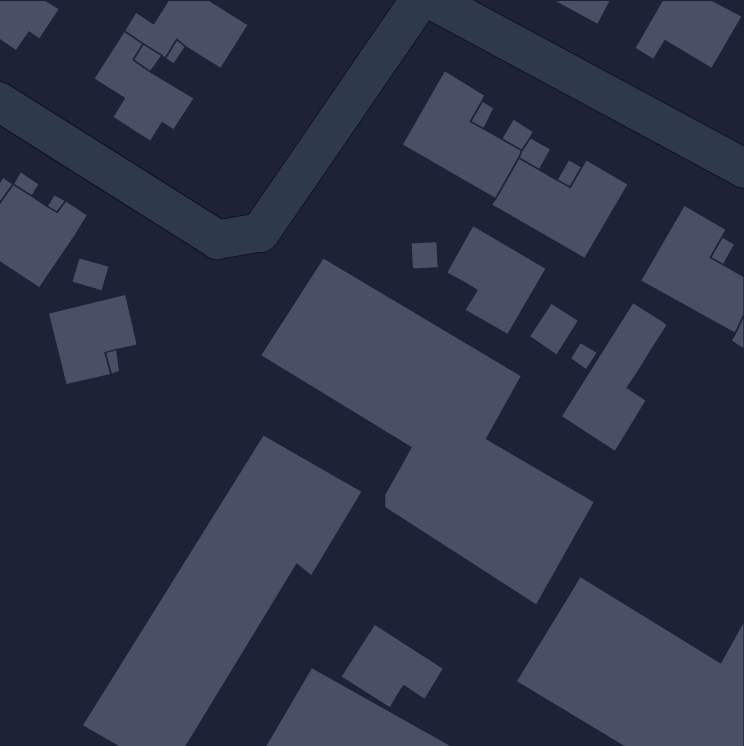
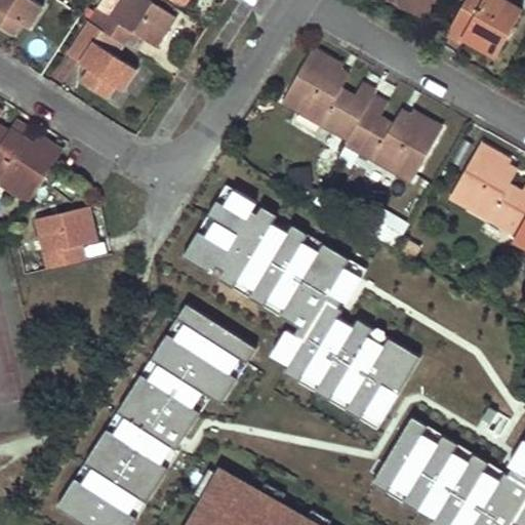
building: [446,225,547,335] -> none
building: [561,302,667,452] -> none
building: [341,624,444,708] -> none

